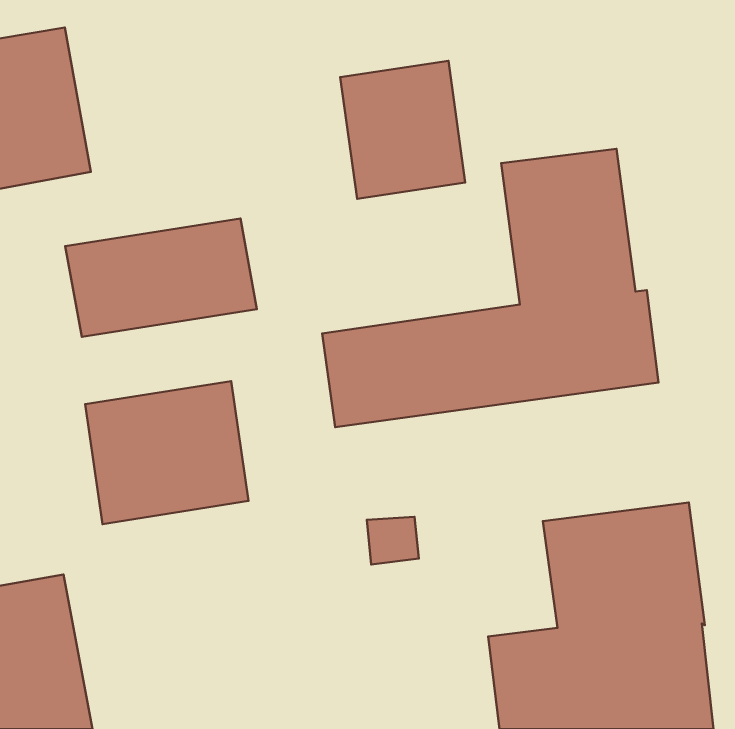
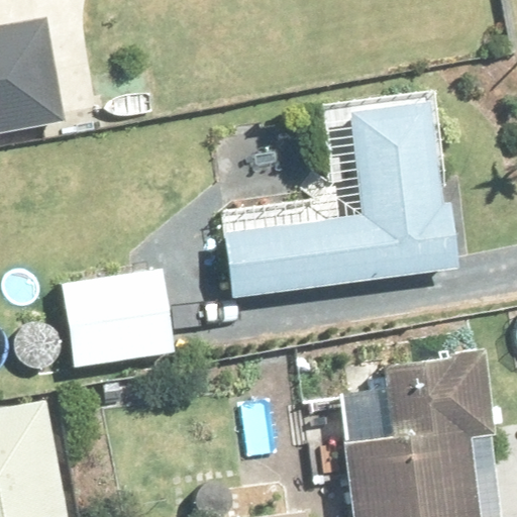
building: [340,61,465,199] -> none
building: [65,218,257,337] -> none

